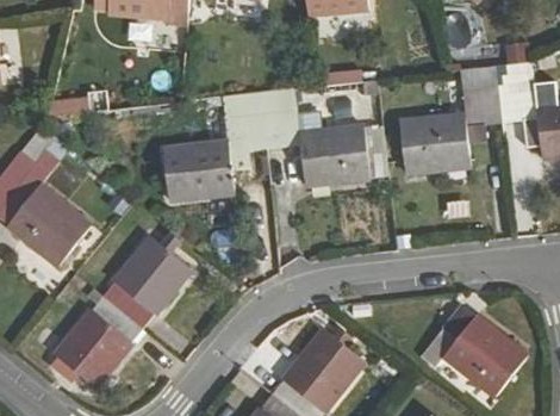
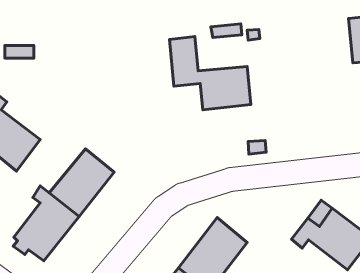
building: [403,64,503,173] -> none
building: [168,92,267,199] -> none

